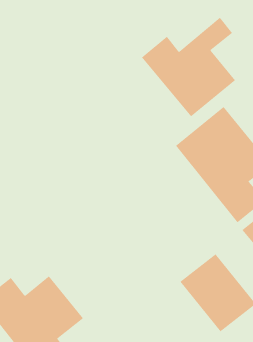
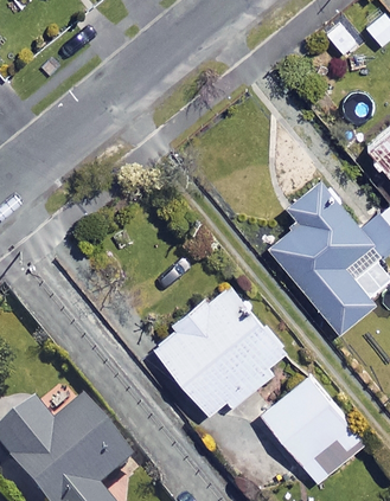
building: [141,17,236,117] -> none
building: none -> [154,277,293,422]

